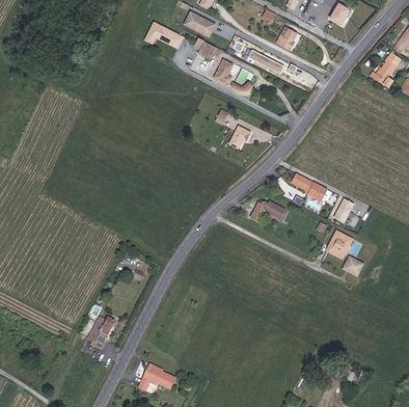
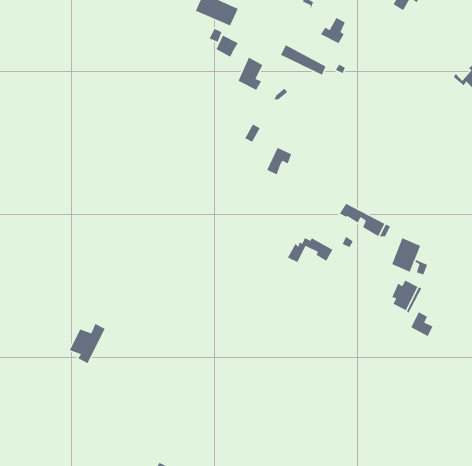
building: [144,23,182,48] -> none
building: [87,315,115,346] -> [69,323,106,364]

